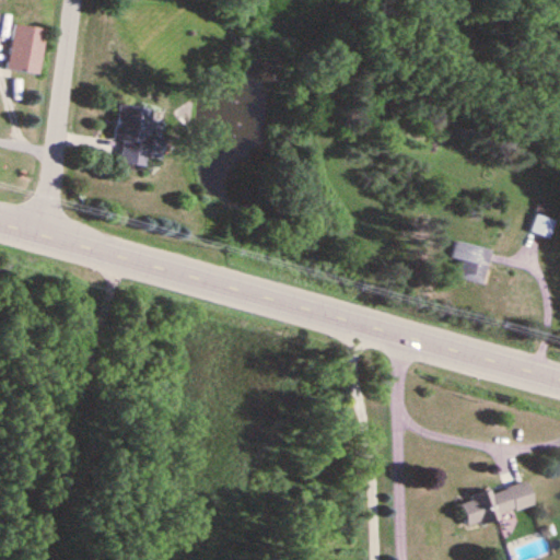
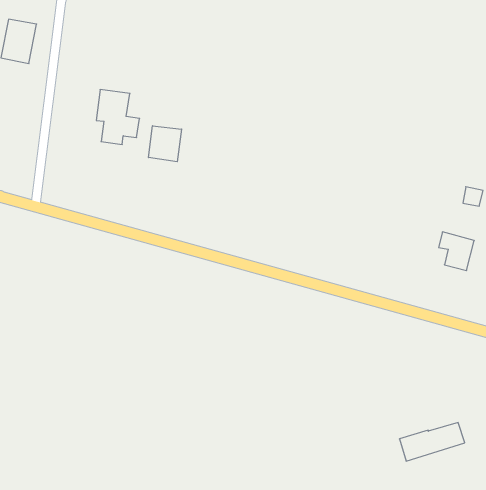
building: none -> [149,126,182,162]
building: [450,241,490,284] -> [439,232,474,271]

